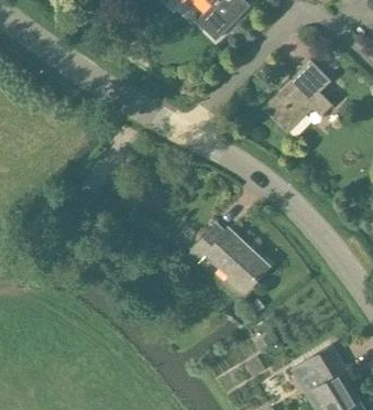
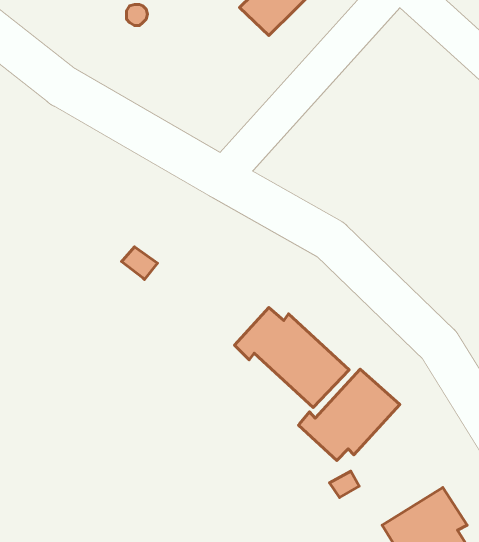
building: [263,61,331,132] -> none
building: none -> [298,369,400,461]

